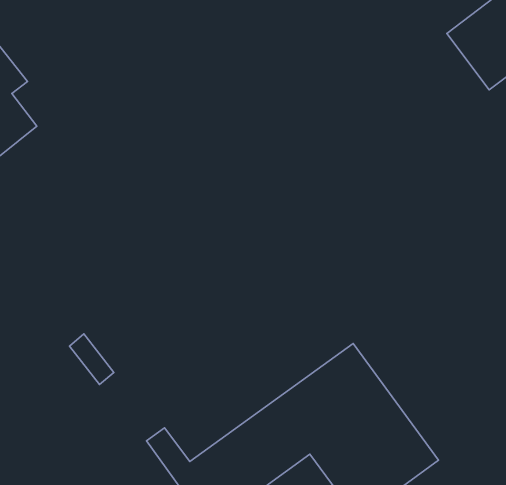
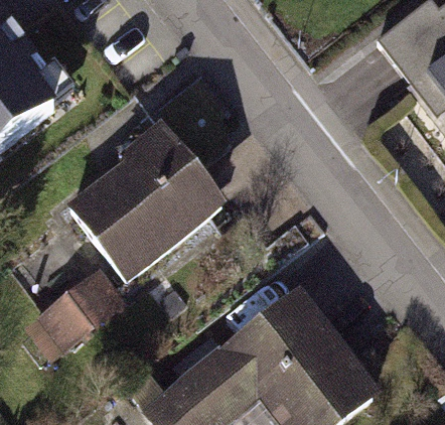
building: none -> [77,128,211,277]

